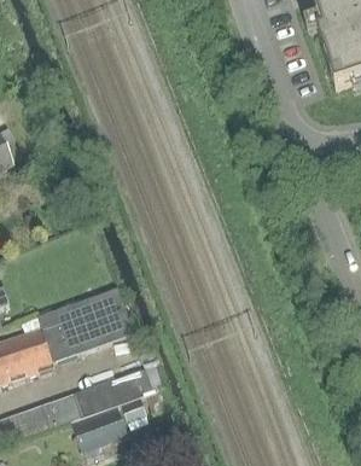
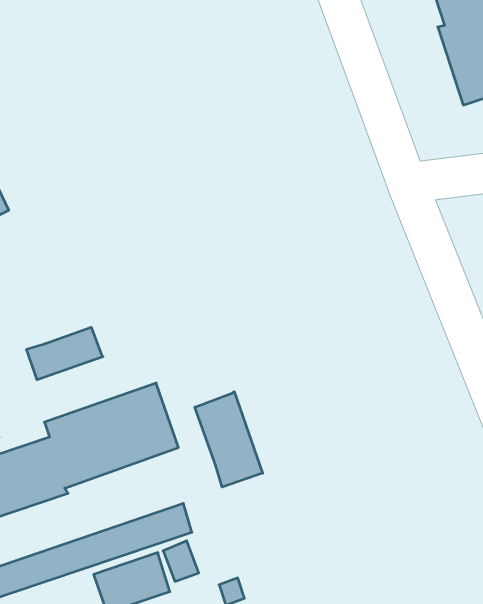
building: none -> [27,327,103,380]
building: none -> [195,392,263,487]

